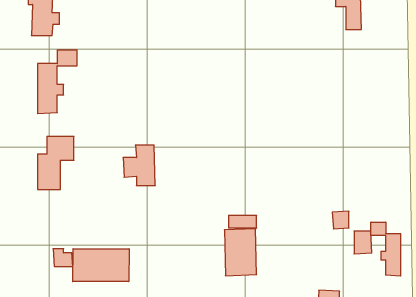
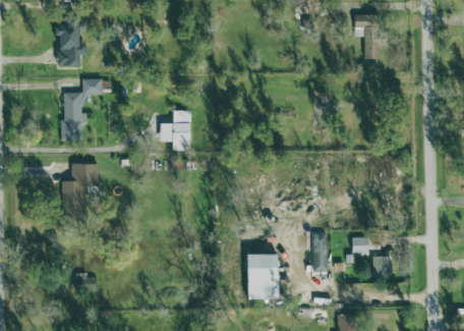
building: [123,145,155,186] -> [160,111,191,151]
building: none -> [313,233,329,272]
building: [371,222,401,276] -> none
building: [73,249,129,282] -> none

